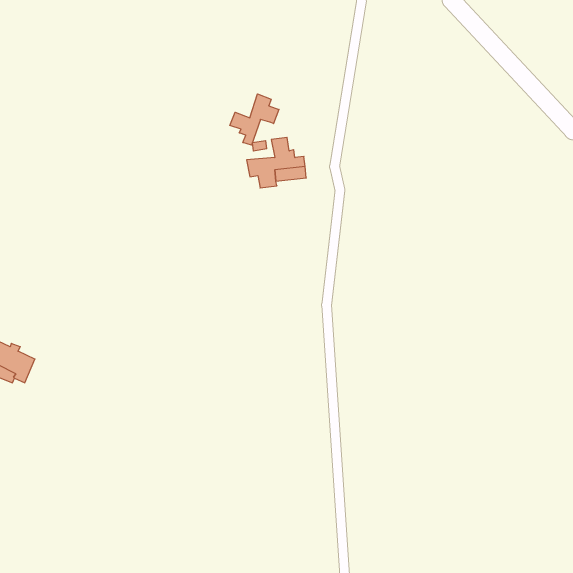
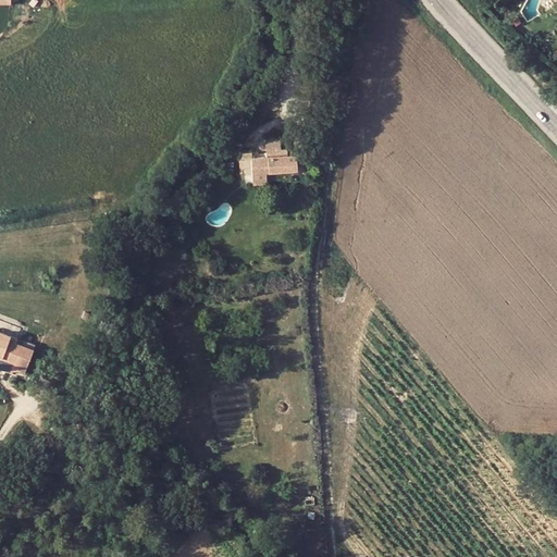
building: [230,94,279,145] -> none

